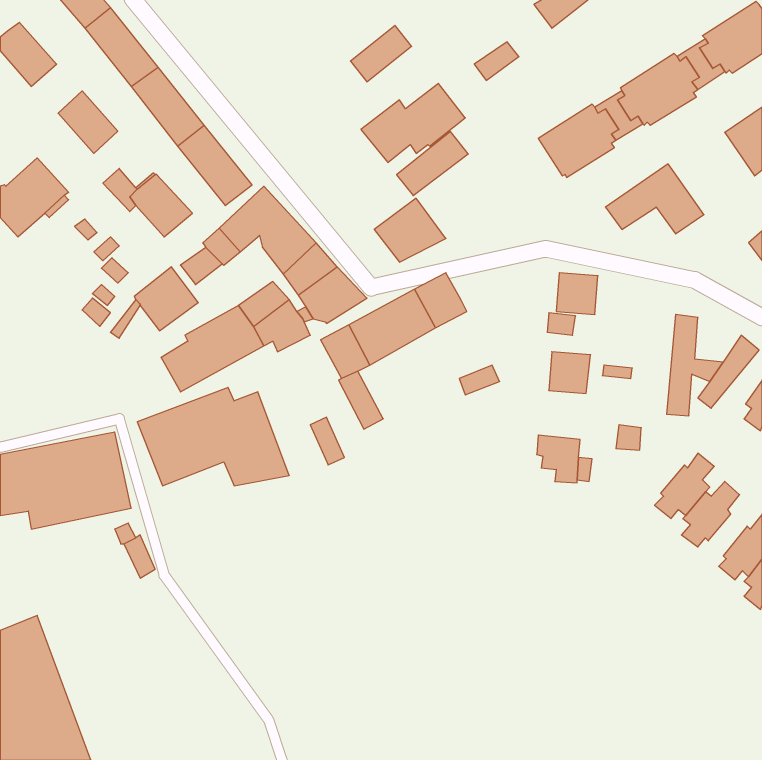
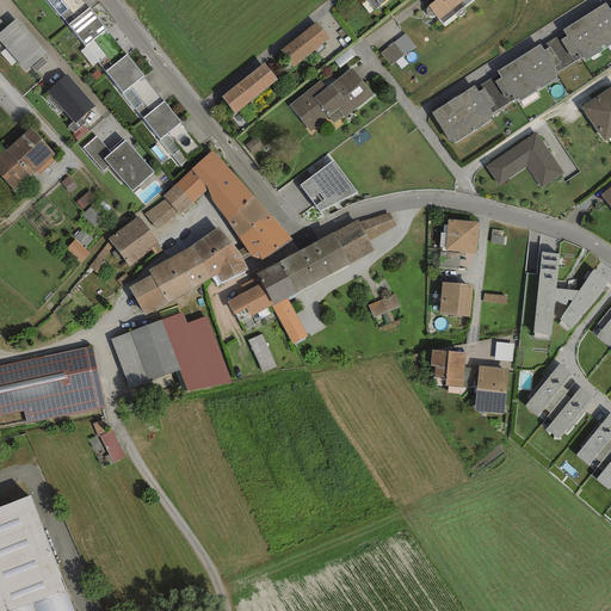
building: [397,132,468,196] -> [221,61,278,112]
building: none -> [358,211,396,240]
building: none -> [227,274,273,316]
building: none -> [474,365,508,413]

